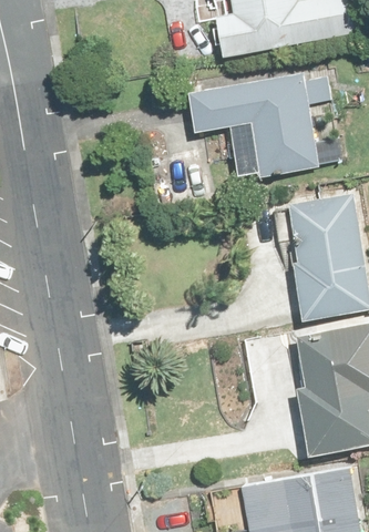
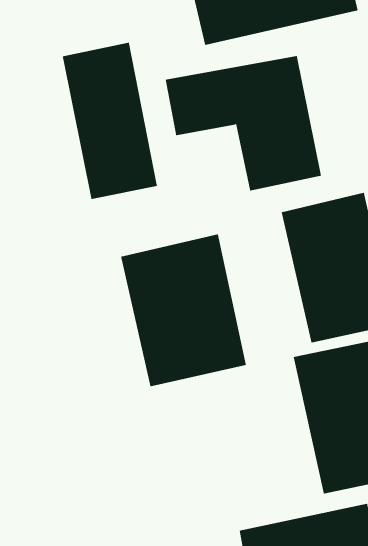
building: none -> [62,42,157,200]
building: none -> [120,234,247,387]

